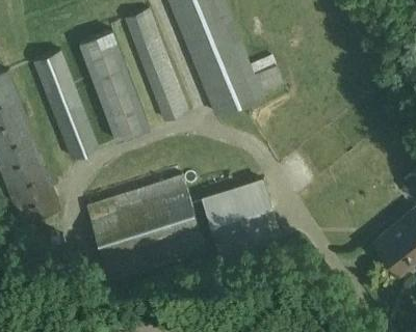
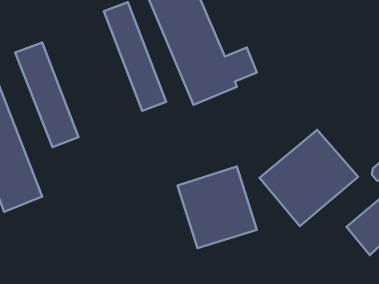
building: [77,28,150,140] -> none
building: none -> [260,130,358,226]
building: [84,172,207,281] -> none

